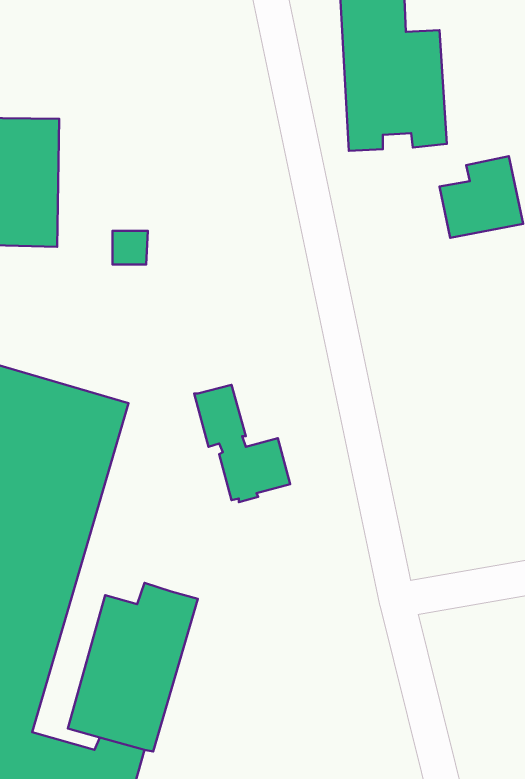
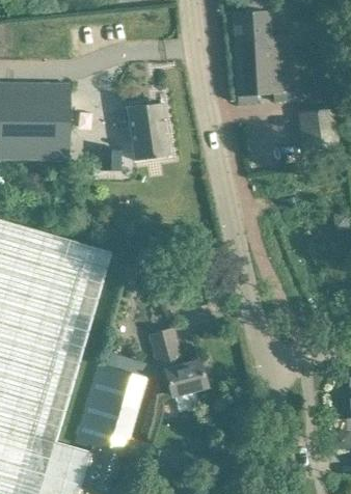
building: none -> [129,103,172,161]
building: [194,385,290,502] -> [153,329,209,397]

